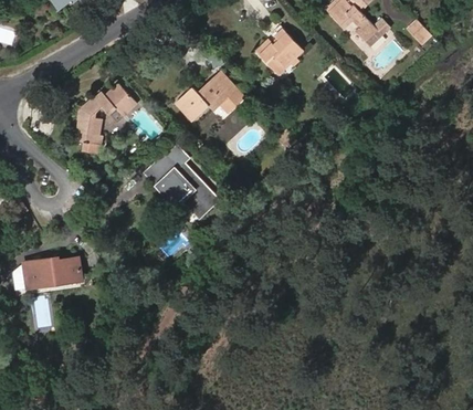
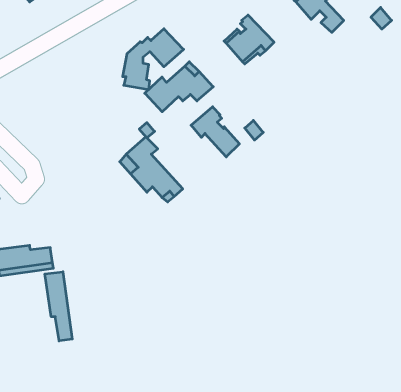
building: [75,84,137,146] -> [123,29,184,90]
building: none -> [191,107,239,157]
building: none -> [45,272,72,341]

